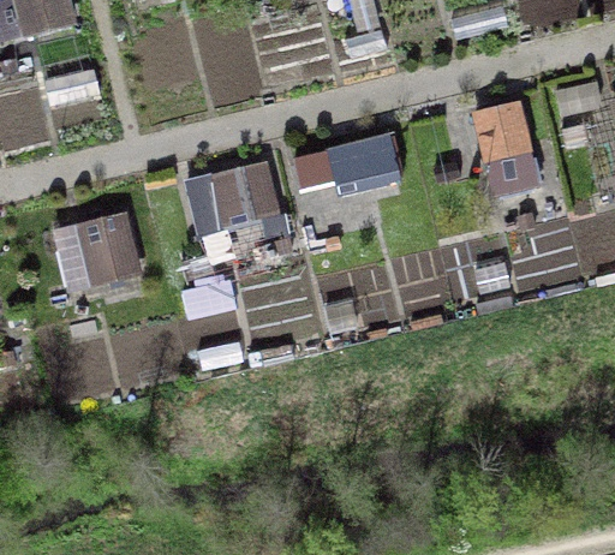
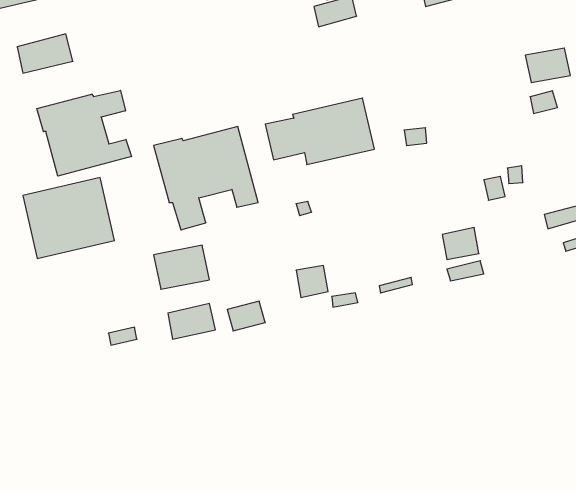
building: [472,100,542,197] -> none
building: none -> [37,90,131,176]

